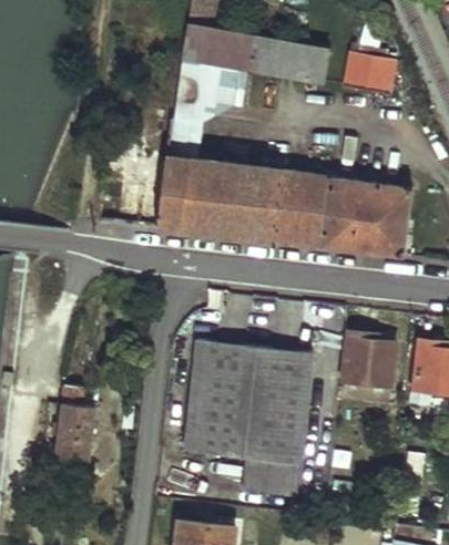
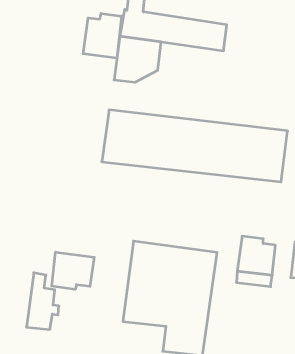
building: none -> [83,13,121,58]
building: [344,47,394,88] -> none
building: none -> [52,252,94,289]

